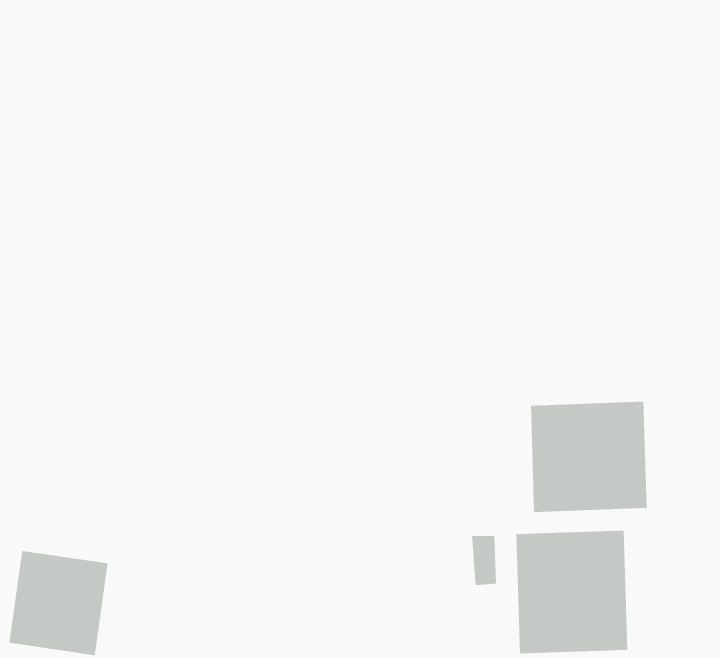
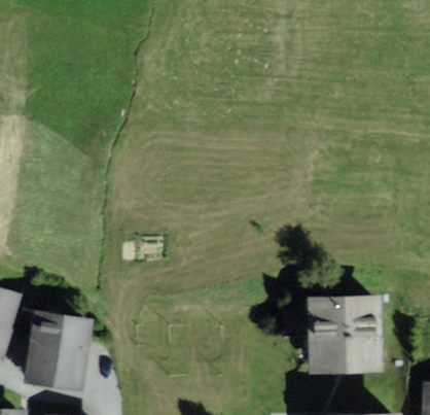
building: [530,401,647,513] -> none

